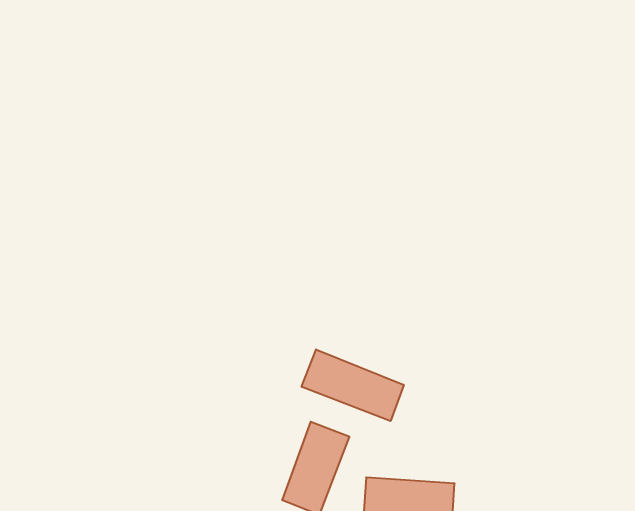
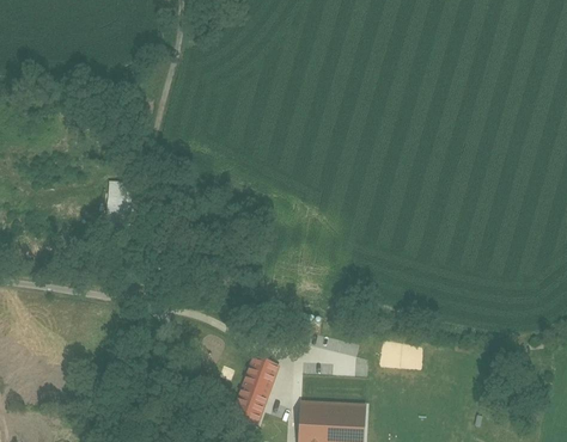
building: [302,349,404,421] -> none

